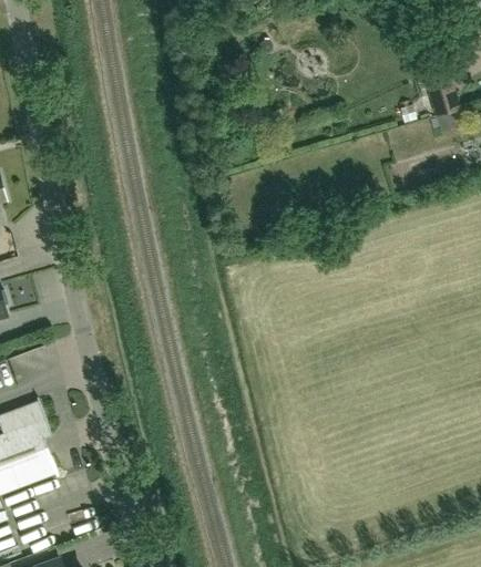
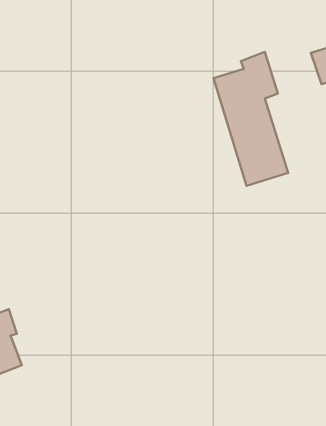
building: none -> [213,52,288,186]

